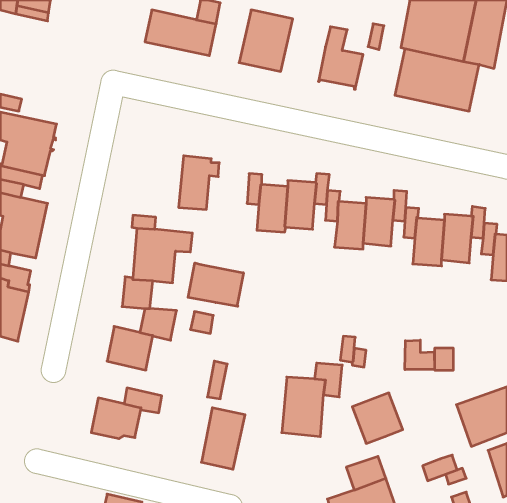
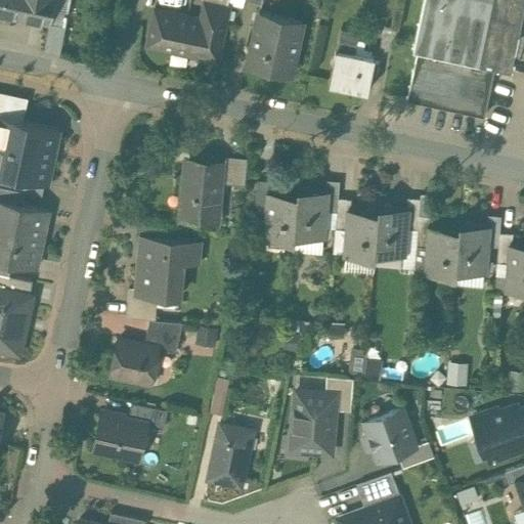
building: [188,263,243,306] -> none
building: [405,340,435,370] -> none
building: [423,455,457,481] -> [397,443,433,470]

